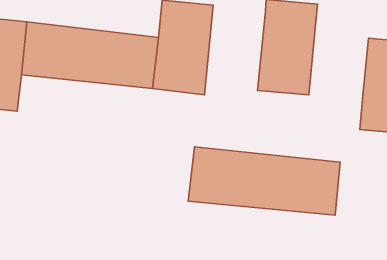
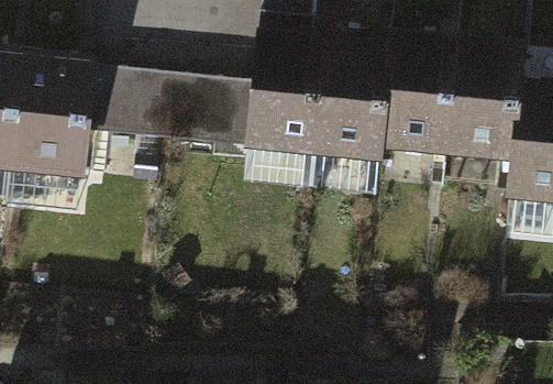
building: none -> [450,42,529,162]
building: none -> [318,43,395,163]
building: [188,147,340,215] -> none

